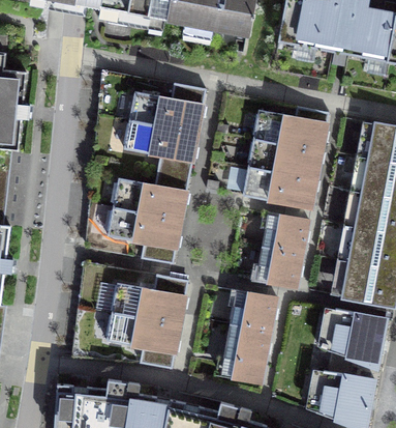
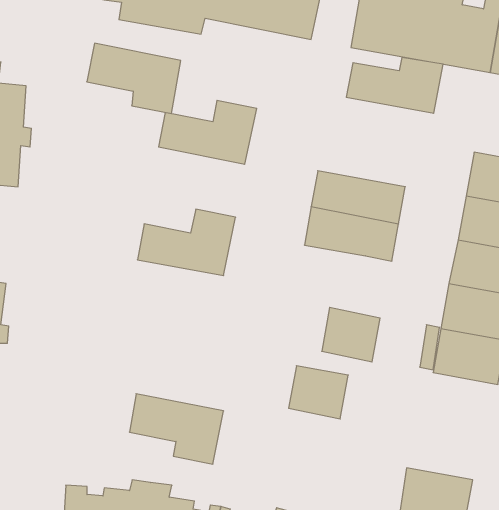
building: [253,108,329,151] -> [346,57,443,113]
building: [123,120,196,175] -> [87,43,181,114]
building: [106,208,180,262] -> none
building: [263,212,309,254] -> none
building: [112,277,188,326] -> none
building: [327,309,386,369] -> none
building: [220,324,271,382] -> none

